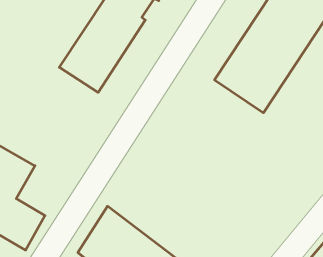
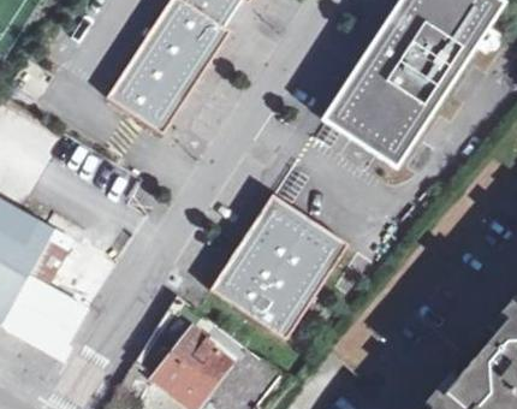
building: none -> [208,194,346,339]

